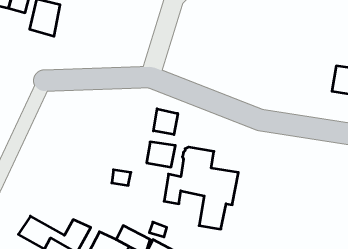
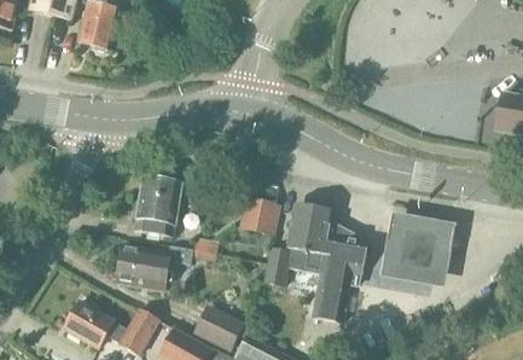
building: [153,109,178,135] -> none
building: none -> [133,175,181,237]
building: none -> [378,215,454,291]
building: none -> [115,245,169,290]

